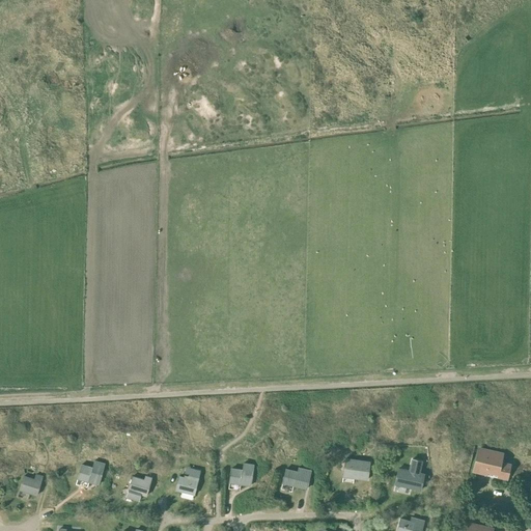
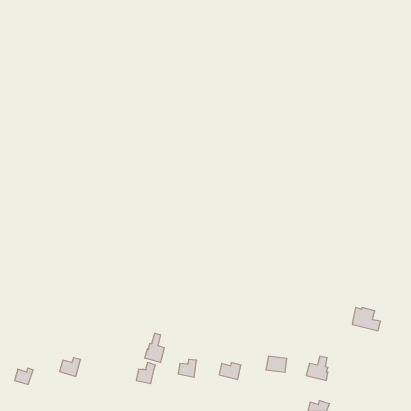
building: none -> [145,333,164,362]
building: [474,449,510,479] -> [352,308,381,331]
building: [127,475,152,500] -> none

